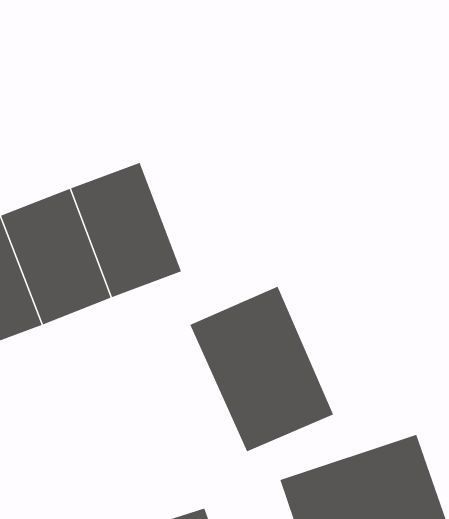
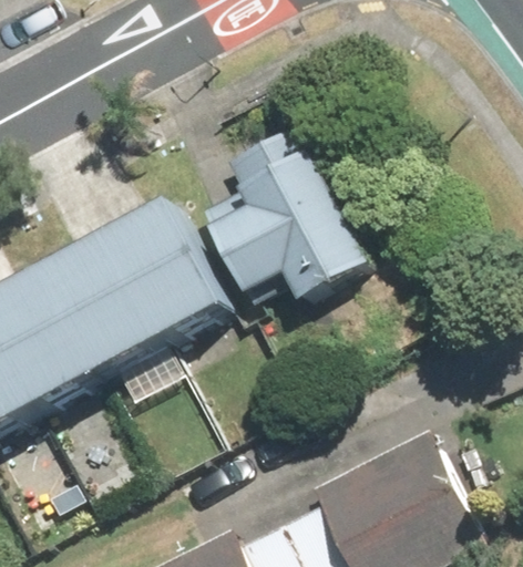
building: none -> [199,133,360,297]
building: [190,286,334,452] -> none

